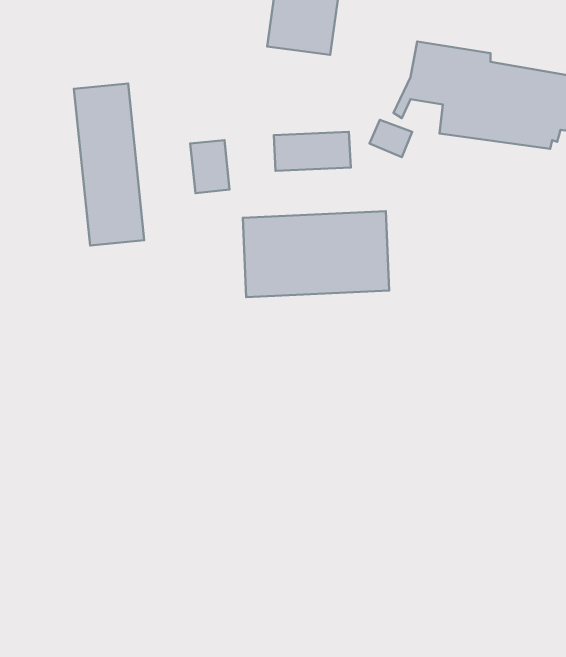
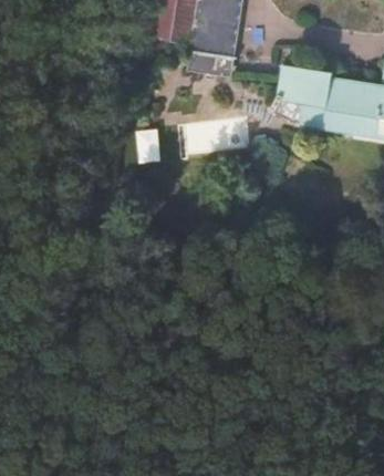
building: [74,84,144,246] -> none
building: [243,211,389,297] -> none

